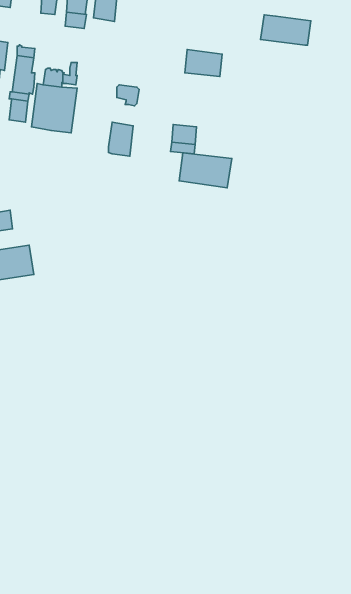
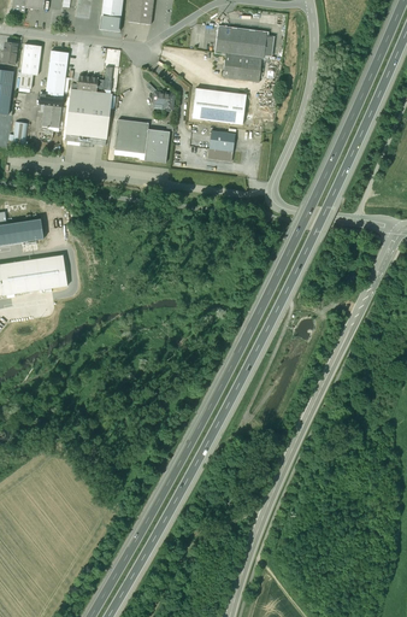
building: [261,15,311,45] -> [214,27,266,58]
building: none -> [113,118,148,153]
building: [179,153,232,188] -> [191,88,246,124]

